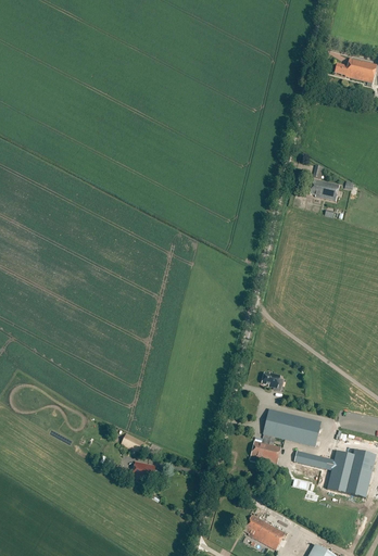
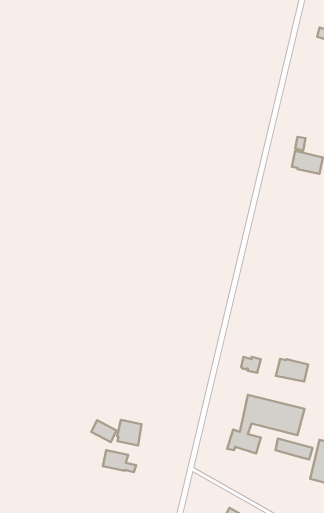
building: none -> [276,359,308,382]
building: none -> [117,420,142,446]

